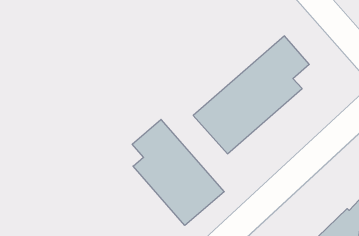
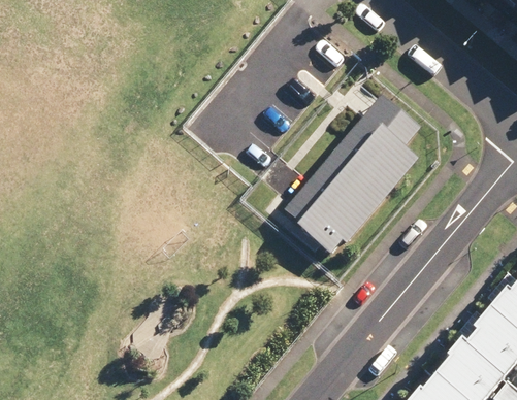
building: [132,119,224,225] -> none

